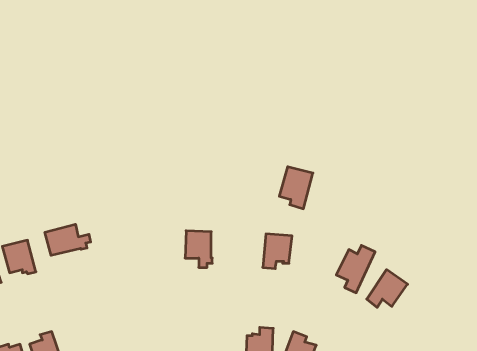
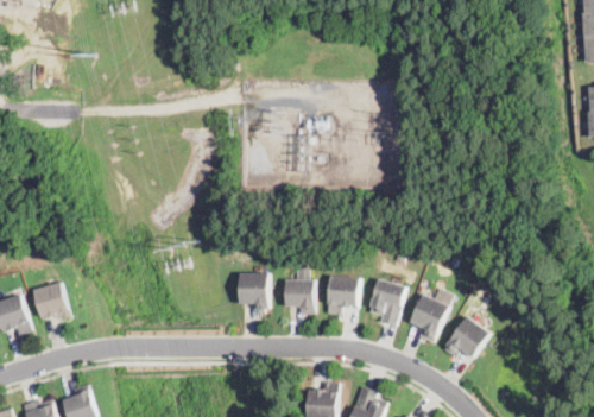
building: [279,167,313,209] -> [368,279,406,327]
building: [45,224,91,255] -> none
building: none -> [286,267,315,314]

